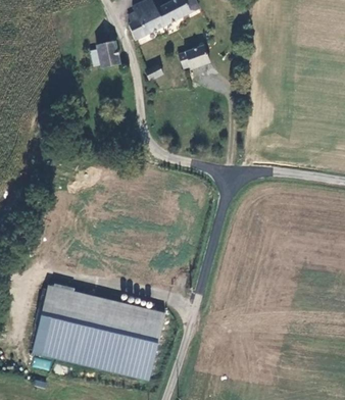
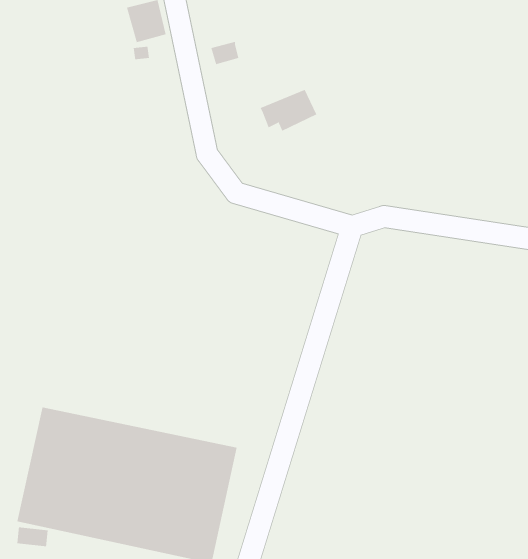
building: [179,44,213,69] -> [260,89,317,131]

